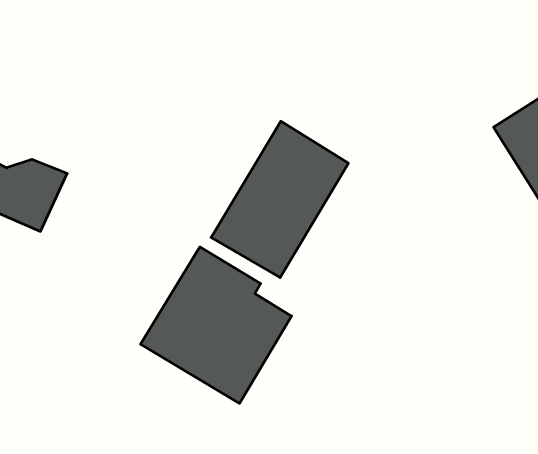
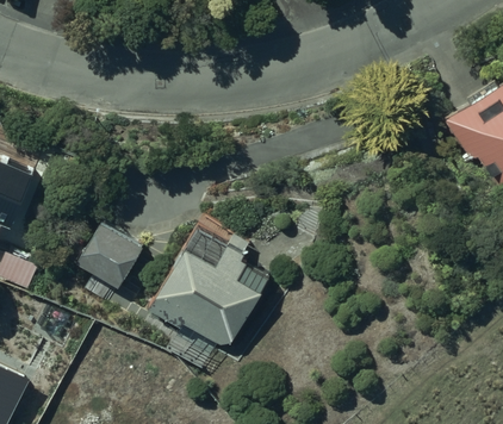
building: [211,121,348,278] -> none
building: none -> [77,224,144,292]

